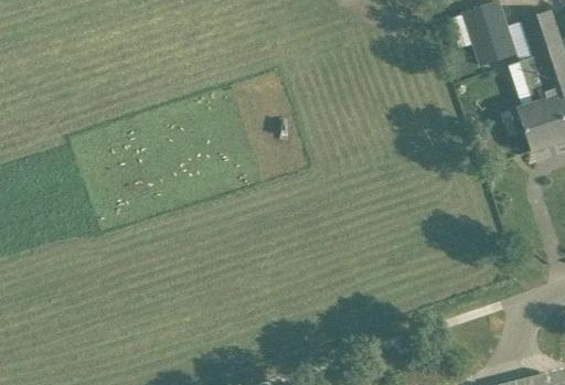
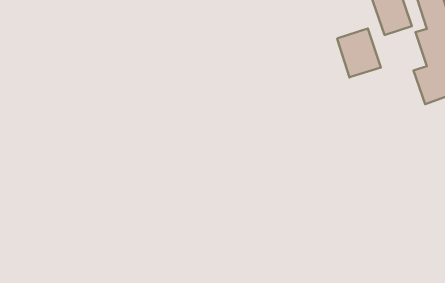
building: none -> [337,28,381,77]

